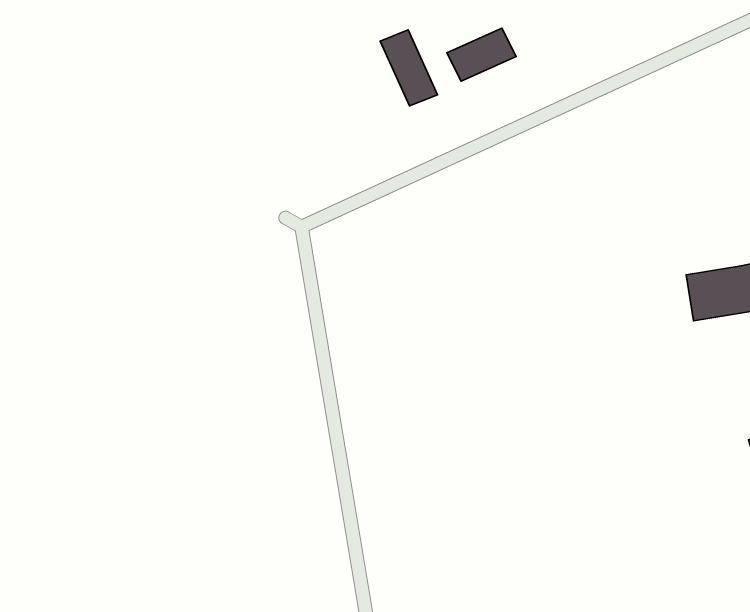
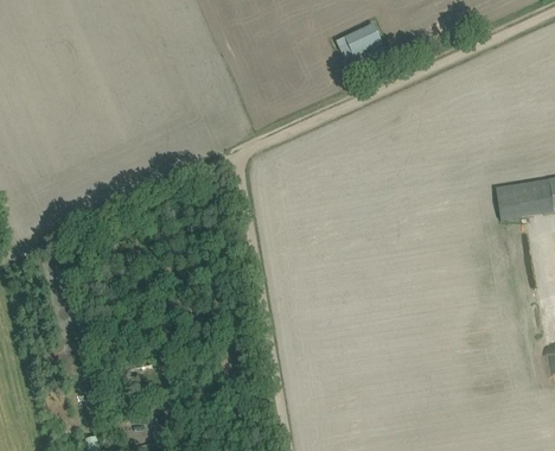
building: [380,30,438,106] -> none

